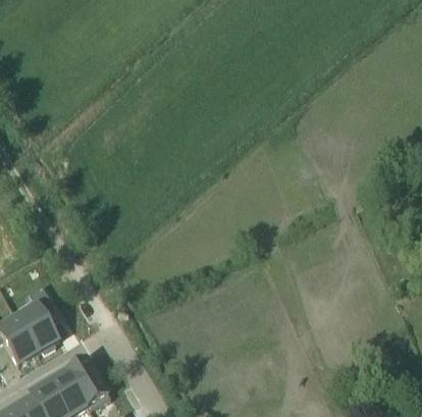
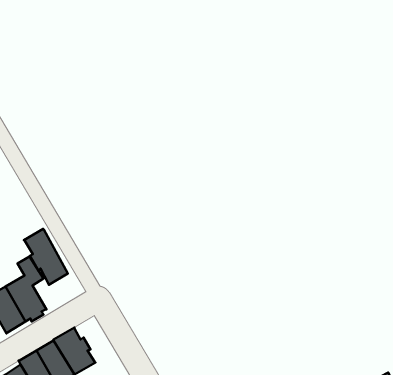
building: none -> [24,229,68,285]

